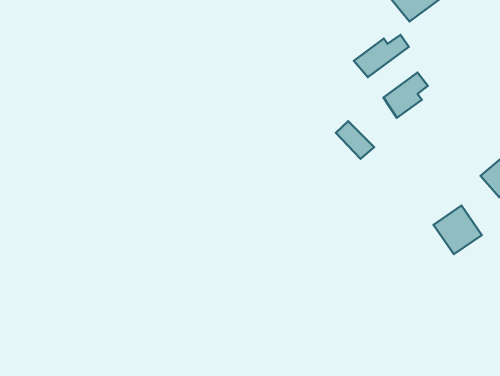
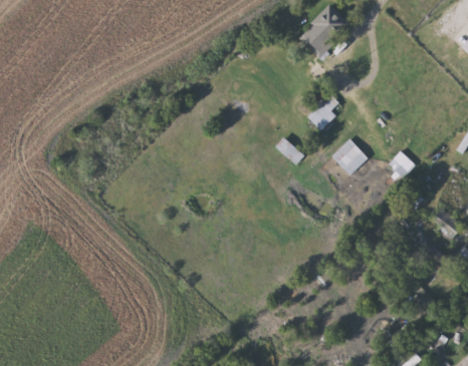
building: [354,35,409,77] -> none
building: [434,206,482,254] -> [330,138,368,175]

